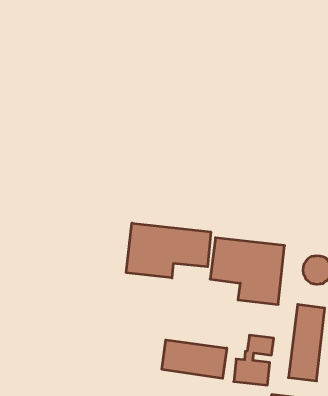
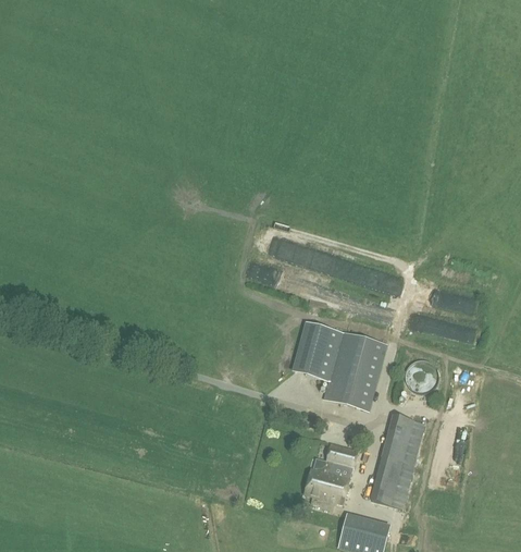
building: [126,223,211,278] -> none
building: [162,340,227,378] -> none

